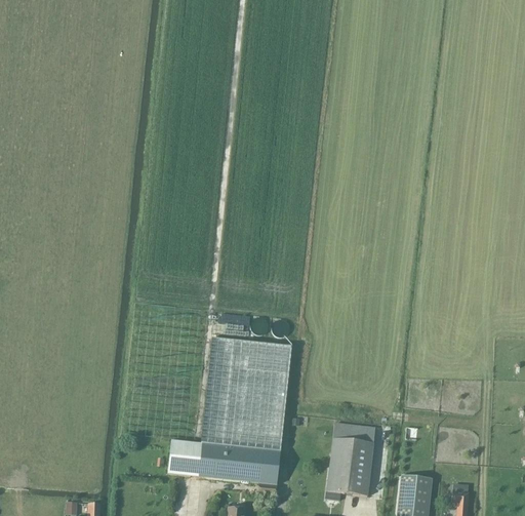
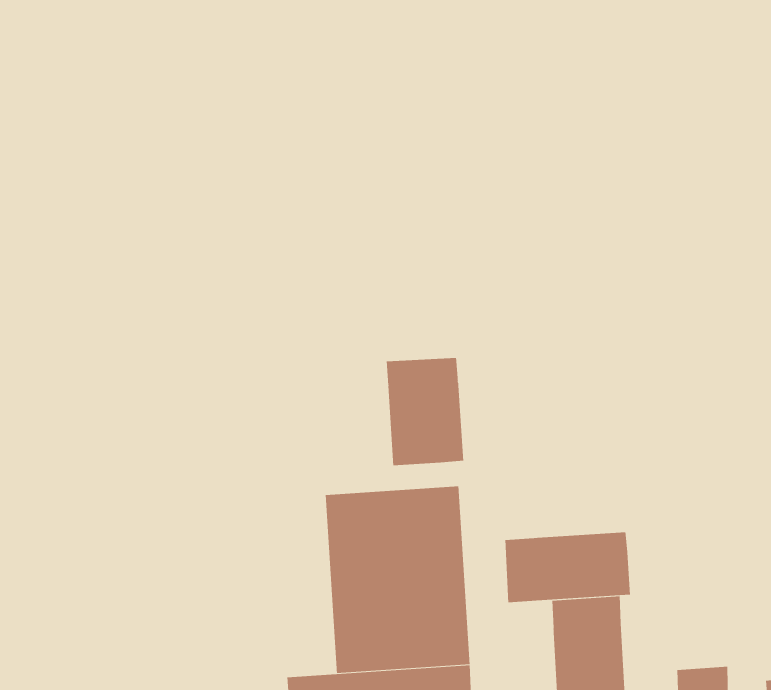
building: none -> [386,357,464,466]
building: none -> [505,532,630,603]

